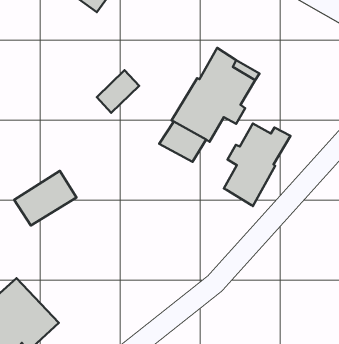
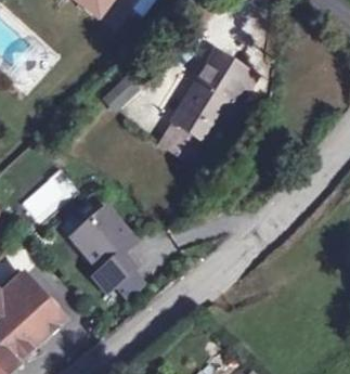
building: [224,123,290,206] -> none
building: none -> [72,206,134,289]

